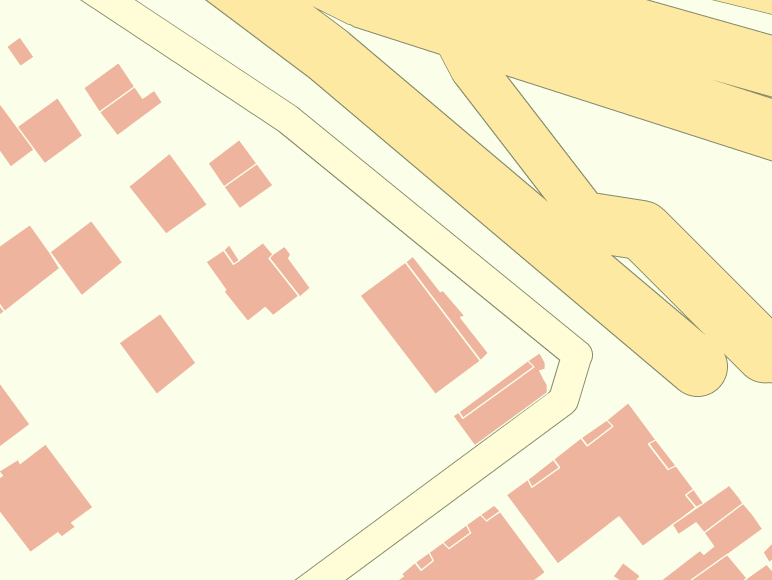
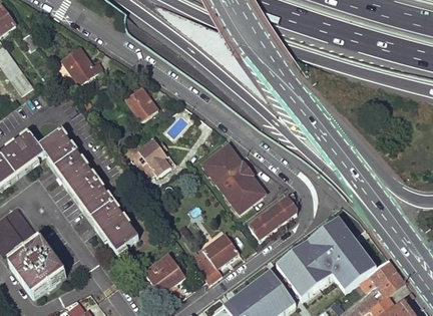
building: [17,97,83,164] -> none
building: [128,153,207,234] -> [59,147,99,189]
building: none -> [97,199,142,249]
building: none -> [189,231,239,283]
building: none -> [149,249,190,289]

